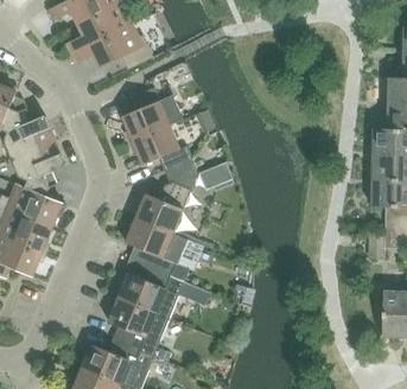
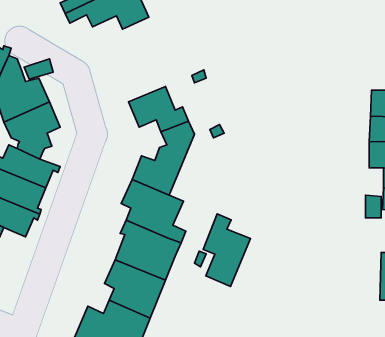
building: [122,89,170,141] -> none
building: none -> [203,214,250,286]

